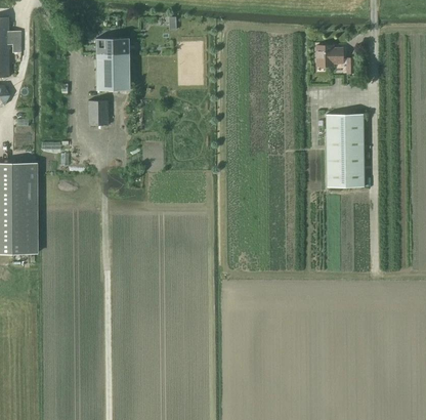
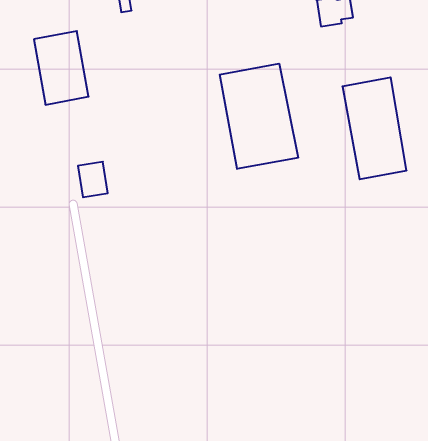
building: none -> [220,64,298,169]
building: [89,101,109,126] -> [78,162,108,197]

